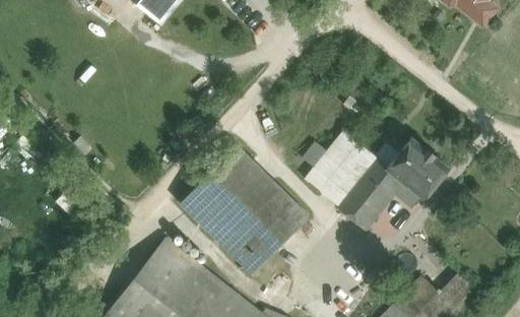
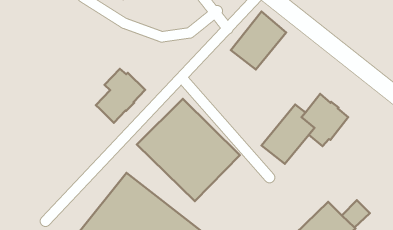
building: none -> [96,69,145,123]
building: [305,131,375,204] -> [231,12,286,70]

